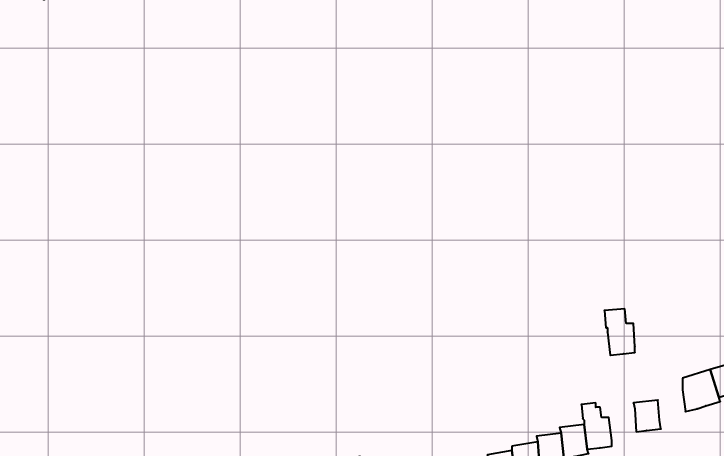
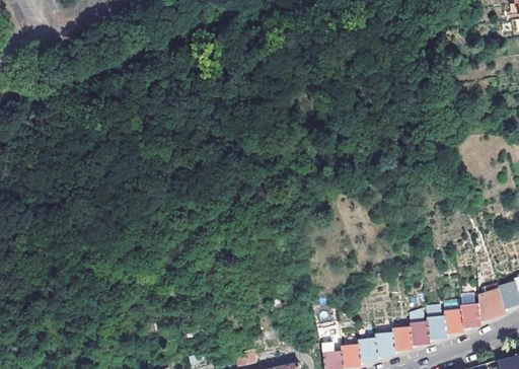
building: [604,309,635,355] -> [425,306,446,339]
building: none -> [460,303,480,330]

